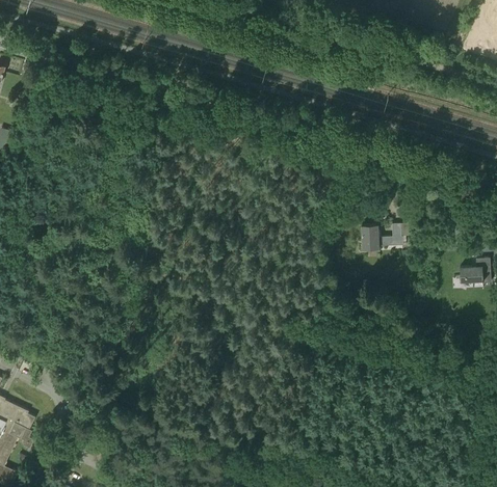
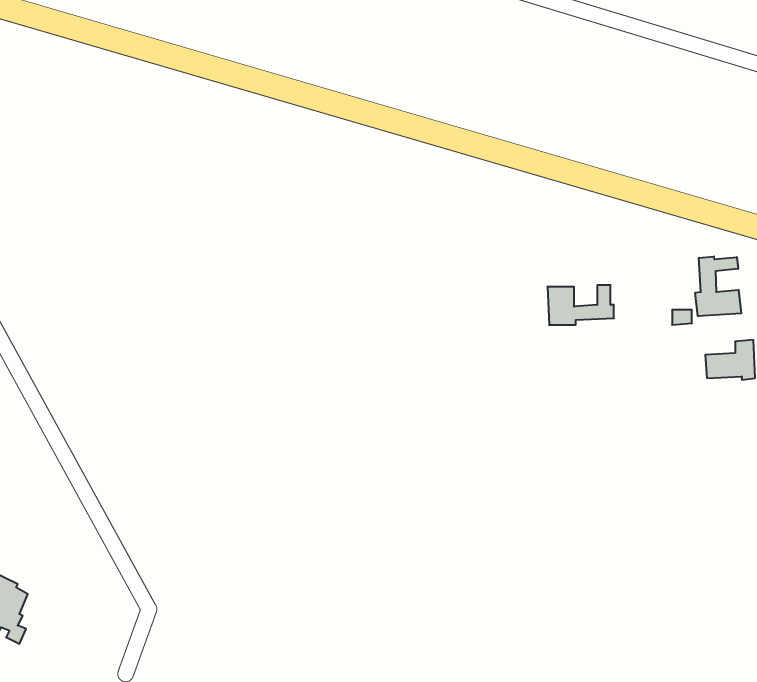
building: none -> [695,256,741,316]

